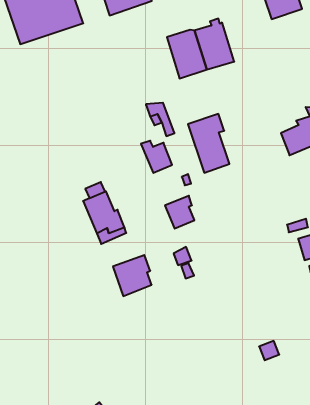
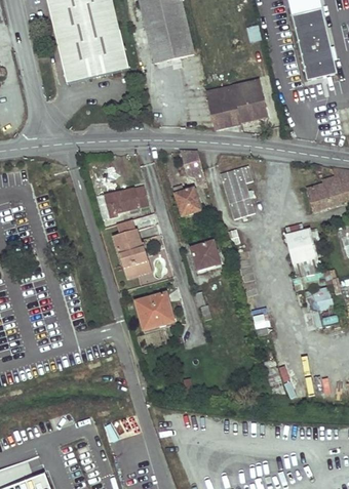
building: none -> [98,186,149,218]
building: none -> [286,228,320,275]

